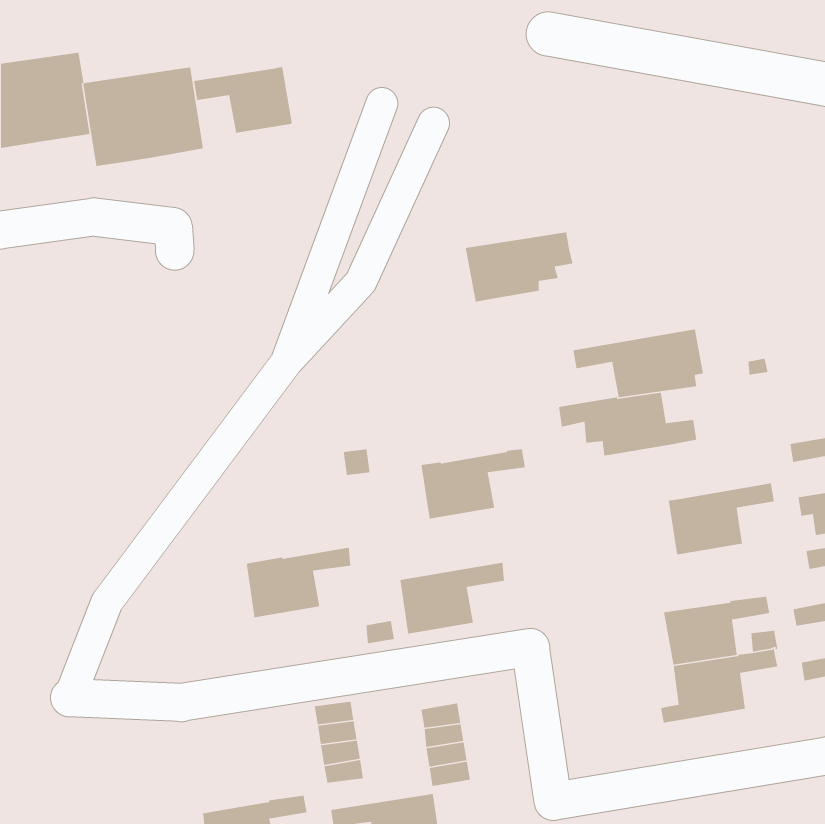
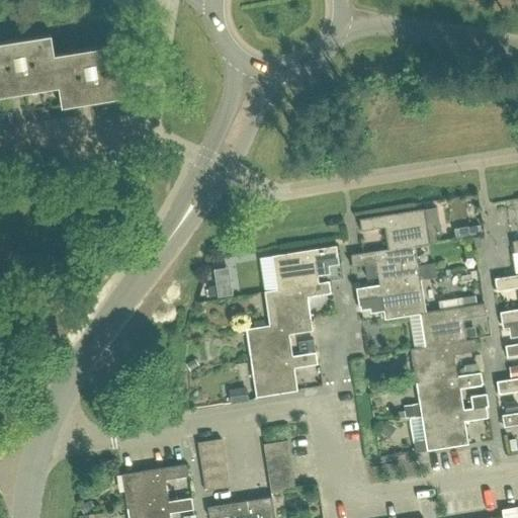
building: [193,66,292,134] -> none
building: [465,231,573,303] -> [271,247,339,291]
building: none -> [355,280,426,321]
building: none -> [411,340,478,384]
building: [246,547,351,618] -> [246,320,312,364]
building: none -> [121,465,188,510]

